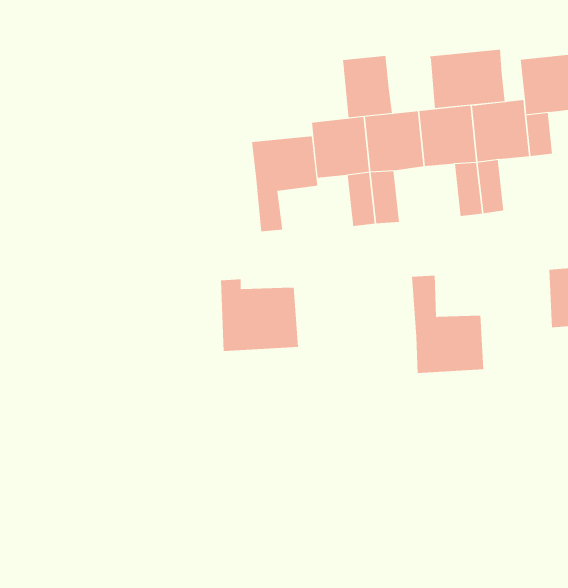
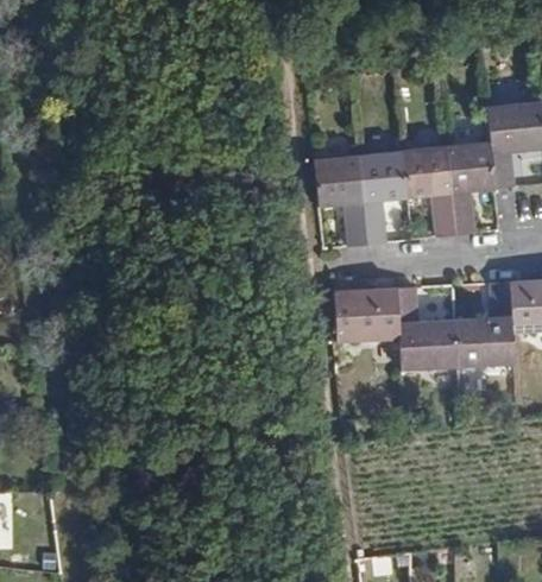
building: [430,49,505,109] -> none
building: [342,55,393,118] -> none
building: [251,136,318,232] -> none
building: none -> [453,283,512,366]
building: [220,279,299,351] -> [333,281,398,342]

